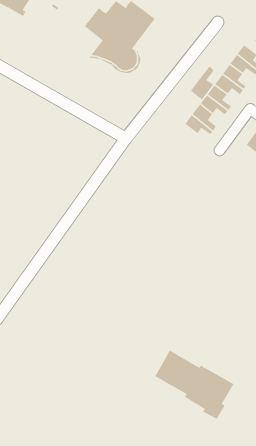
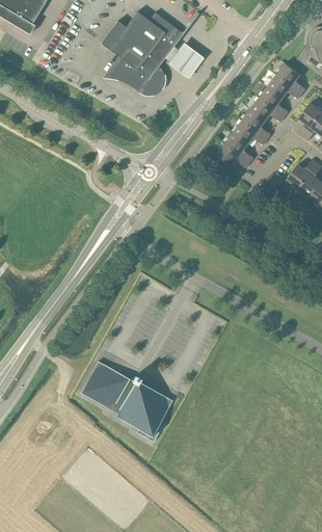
building: none -> [164,44,204,79]
building: [190,65,215,100] -> none
building: [154,350,234,420] -> [80,361,172,442]

